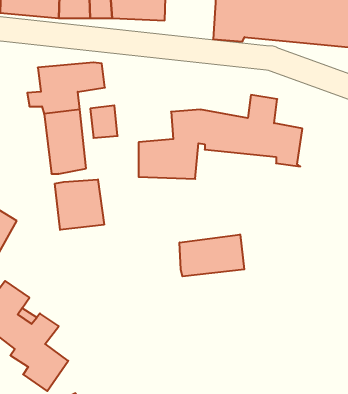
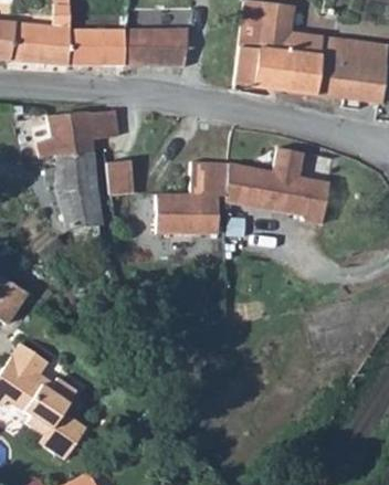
building: [55,179,104,230] -> none
building: [180,234,244,276] -> none

